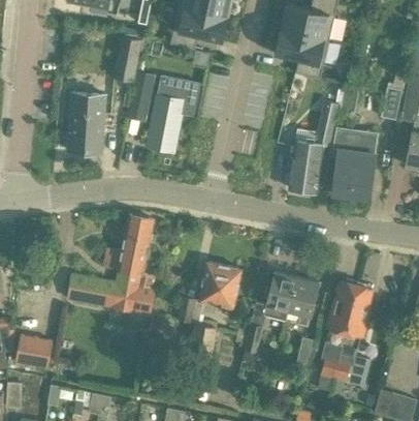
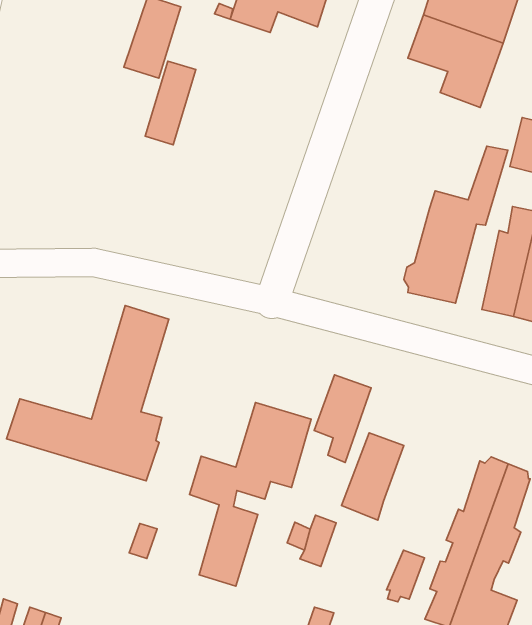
building: [149,74,197,151] -> none
building: [68,93,105,153] -> none
building: [288,277,318,327] -> [314,375,371,463]

